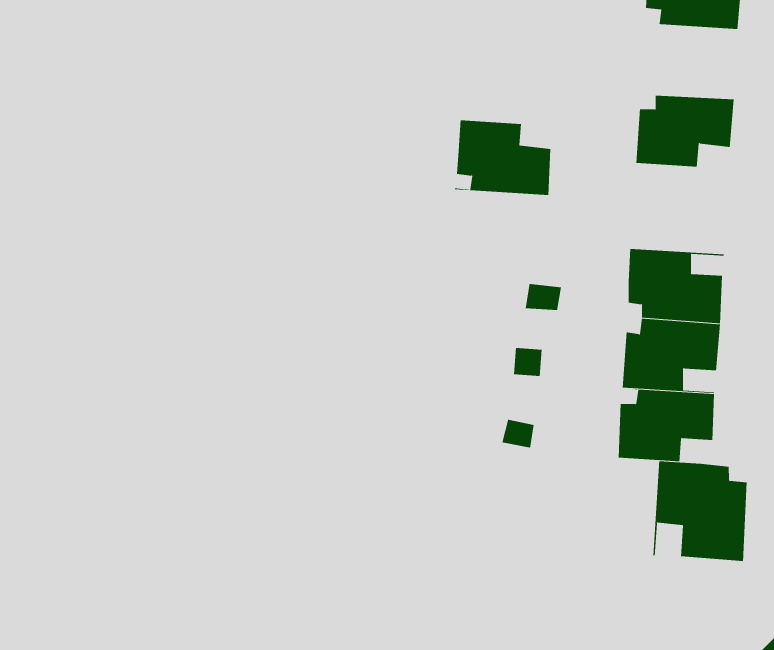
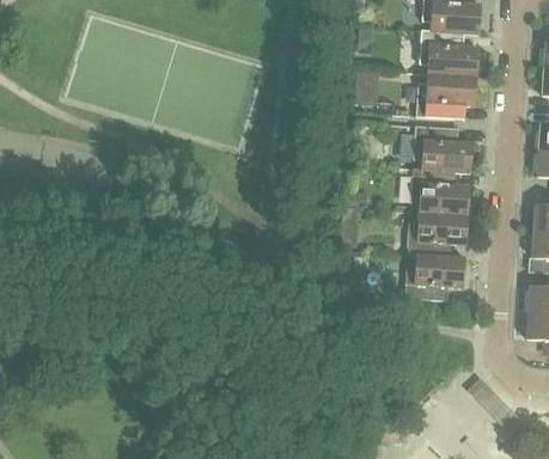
building: none -> [419,30,478,76]
building: [454,120,551,195] -> [411,126,471,172]
building: [653,461,747,562] -> none

